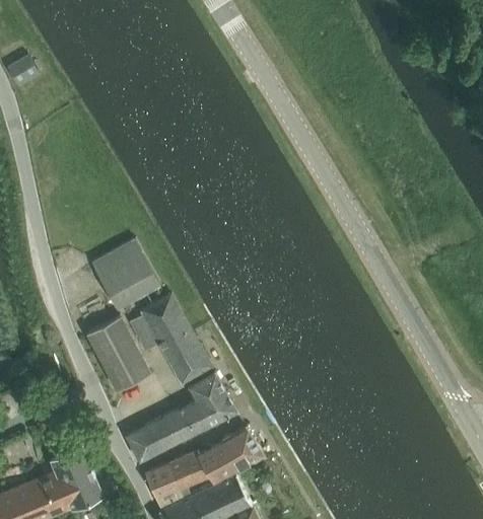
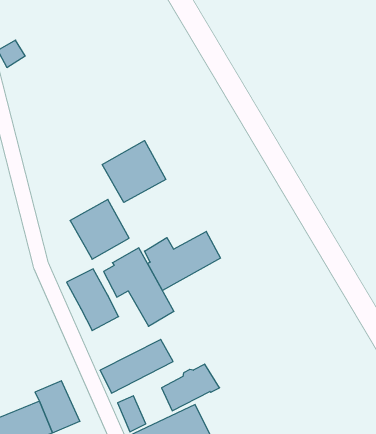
building: none -> [102,141,166,202]
building: none -> [144,231,220,290]
building: [189,373,237,426] -> none
building: [164,452,209,498] -> none

